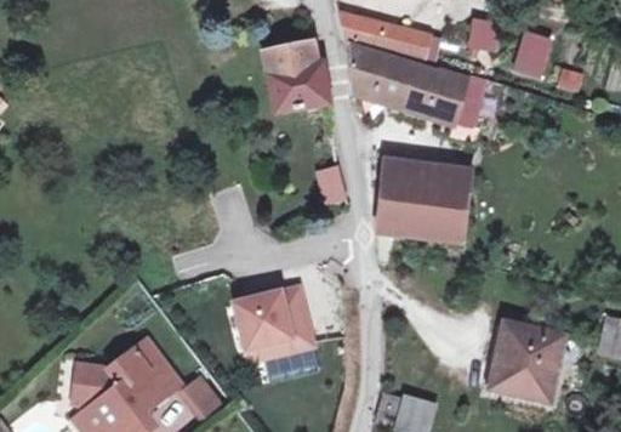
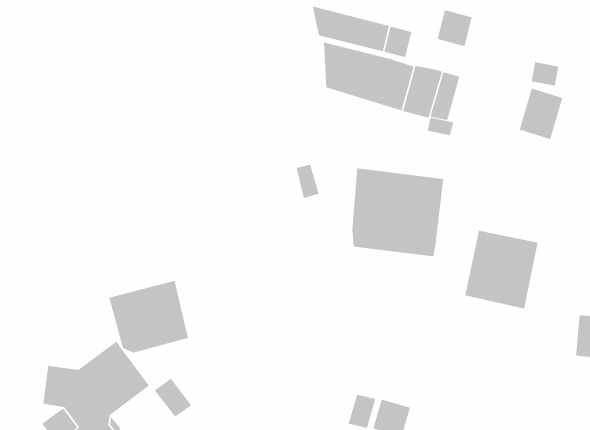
building: [509,27,553,78] -> [519,88,563,140]
building: [263,41,329,112] -> none
building: [233,285,312,357] -> [108,280,189,353]
building: [491,323,564,400] -> [464,230,539,309]

